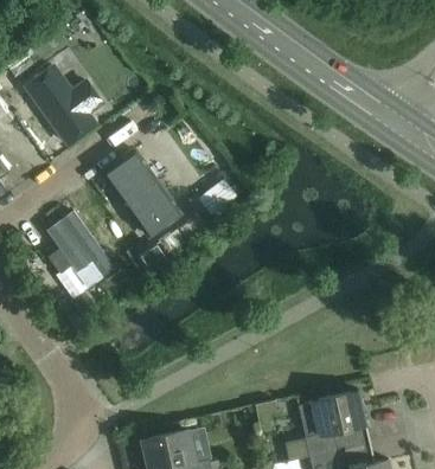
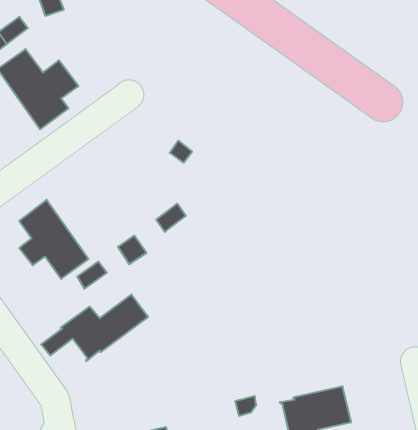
building: [103,150,181,237] -> none
building: none -> [41,294,148,361]

